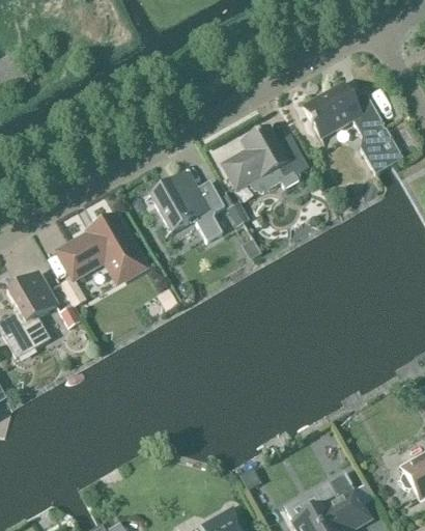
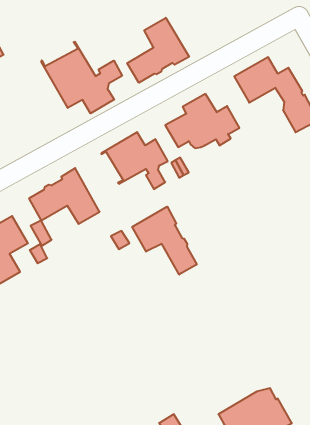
building: none -> [127,18,189,83]
building: none -> [41,42,122,113]
building: none -> [132,207,197,275]

